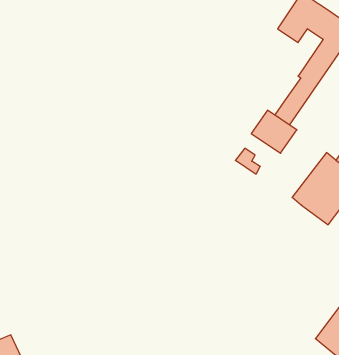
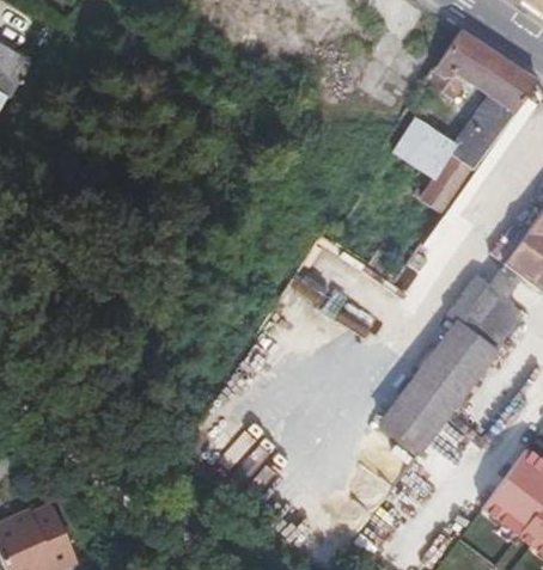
building: [251,110,297,153] -> [393,119,457,179]
building: none -> [383,324,495,449]

